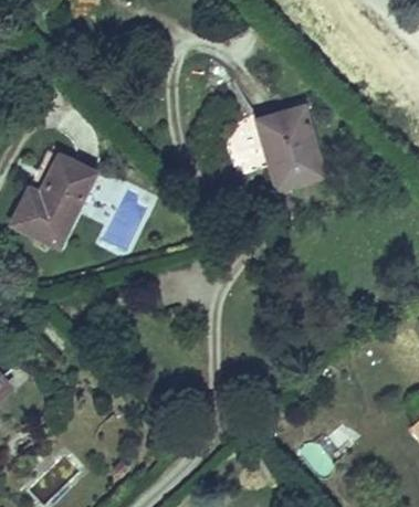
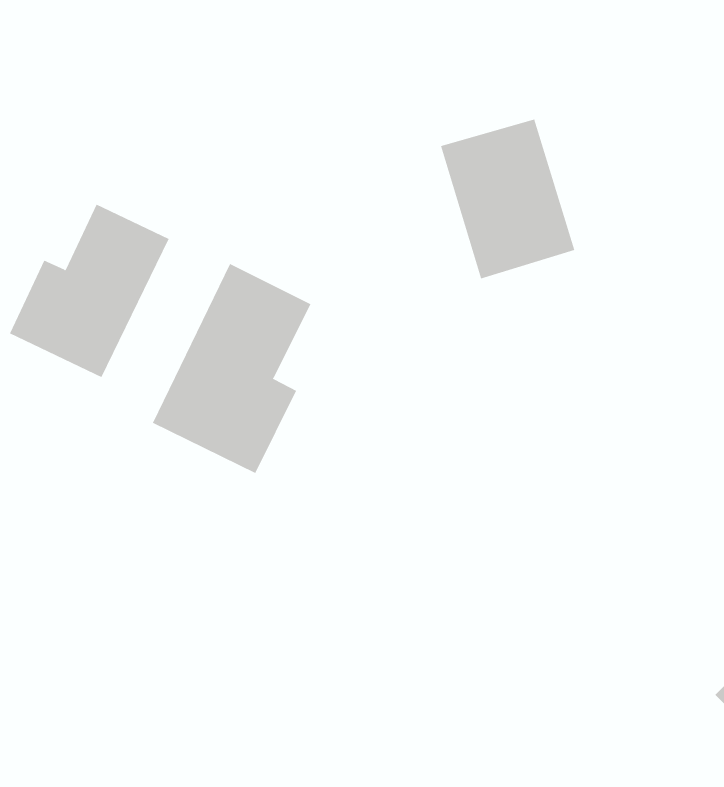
building: none -> [152,263,311,474]

